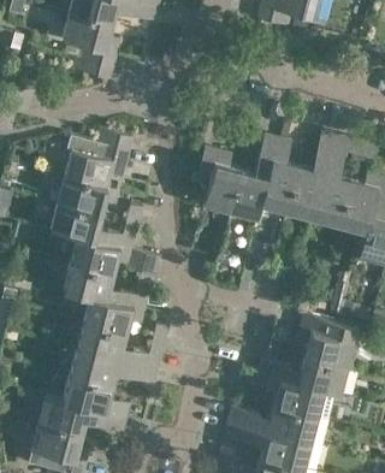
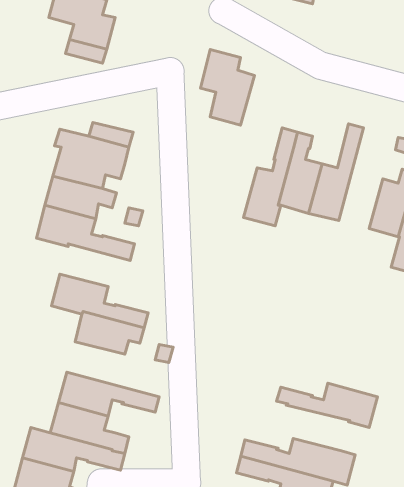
building: [313,135,351,223] -> none
building: [195,147,242,213] -> [201,49,254,125]
building: [70,236,131,273] -> none
building: [295,313,354,369] -> none
building: [76,321,160,369] -> none
building: [255,373,322,416] -> none

